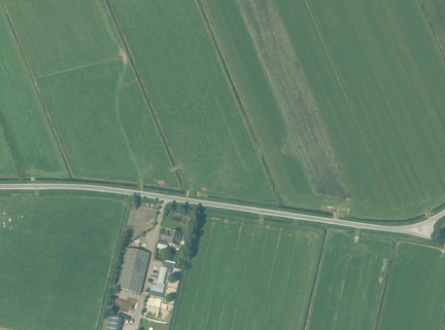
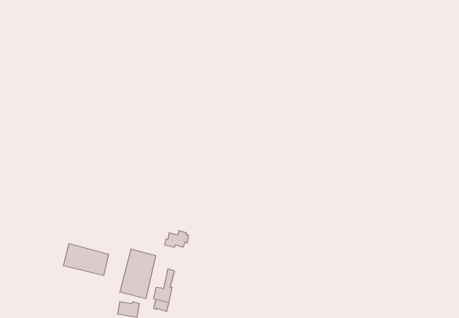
building: none -> [63,244,109,276]

